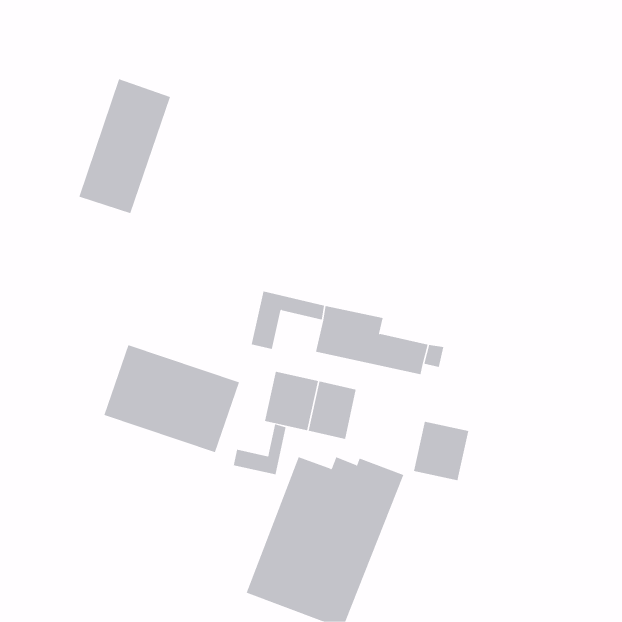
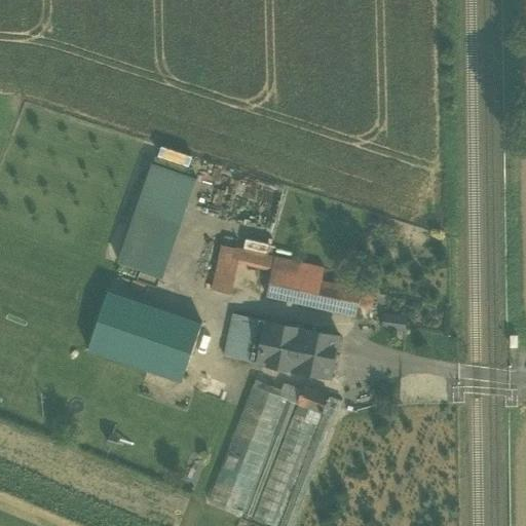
building: [78,79,171,214] -> [118,163,196,277]
building: [413,421,469,481] -> [292,329,339,379]
building: [233,424,286,475] -> none

